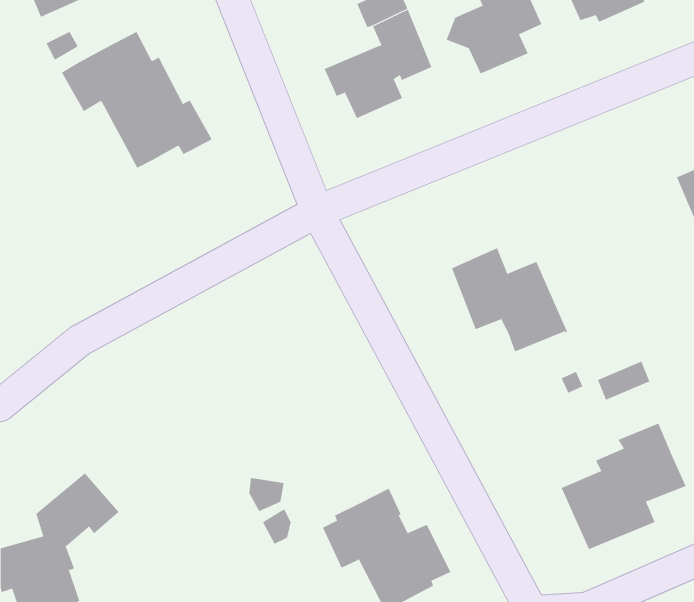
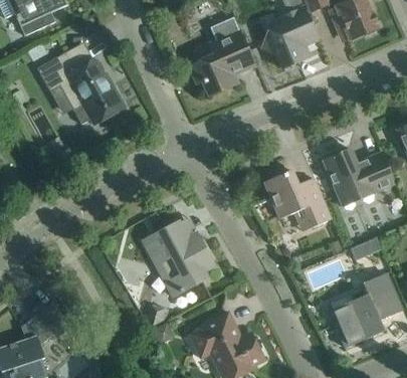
building: none -> [323,148,396,206]
building: none -> [142,221,214,293]

